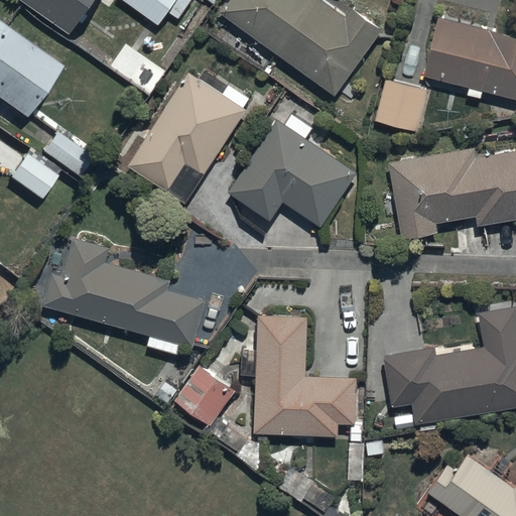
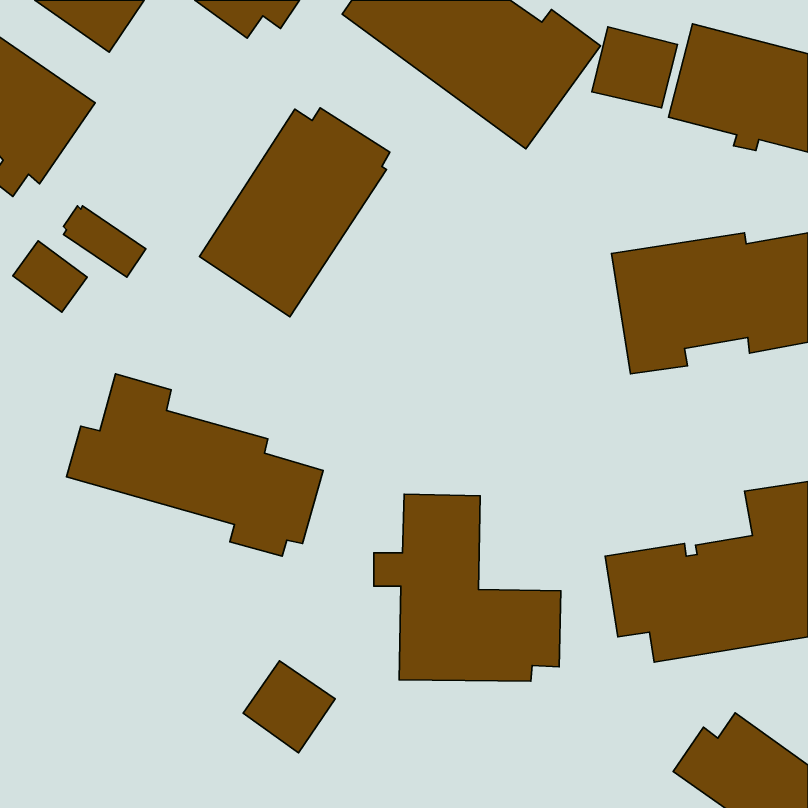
building: [373,79,427,130] -> [592,27,677,108]
building: [228,114,357,227] -> none
building: [175,366,234,424] -> [243,661,335,753]

